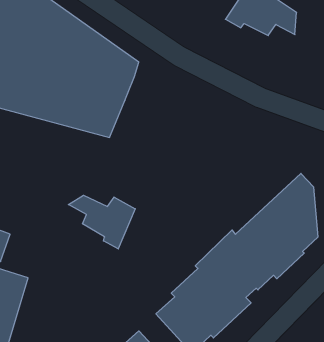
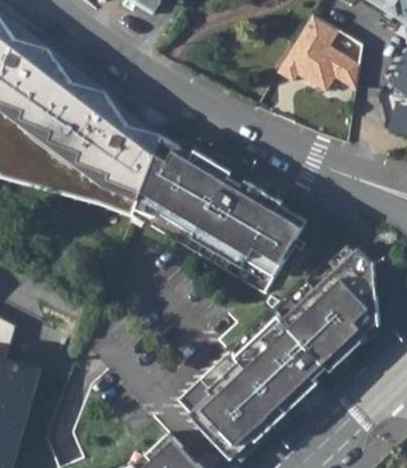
building: none -> [134,138,307,278]
building: [68,195,135,249] -> none

